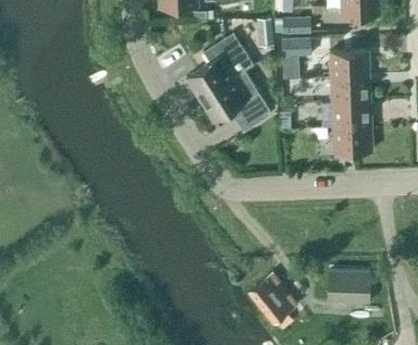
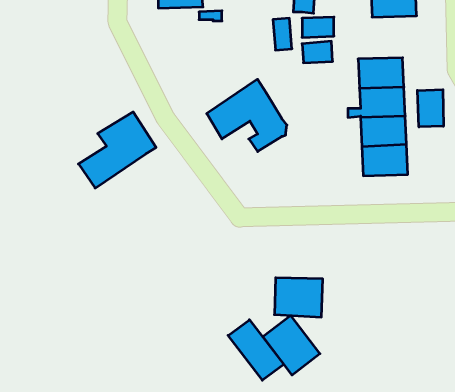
building: [186,35,253,100] -> [78,112,156,188]
building: none -> [417,90,443,127]
building: [328,271,369,305] -> [274,278,323,317]
building: none -> [228,320,284,380]

